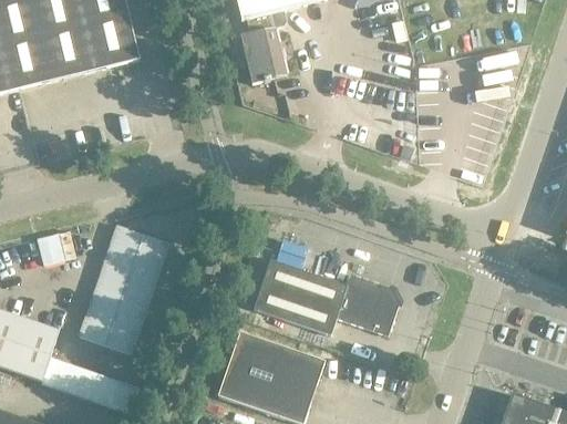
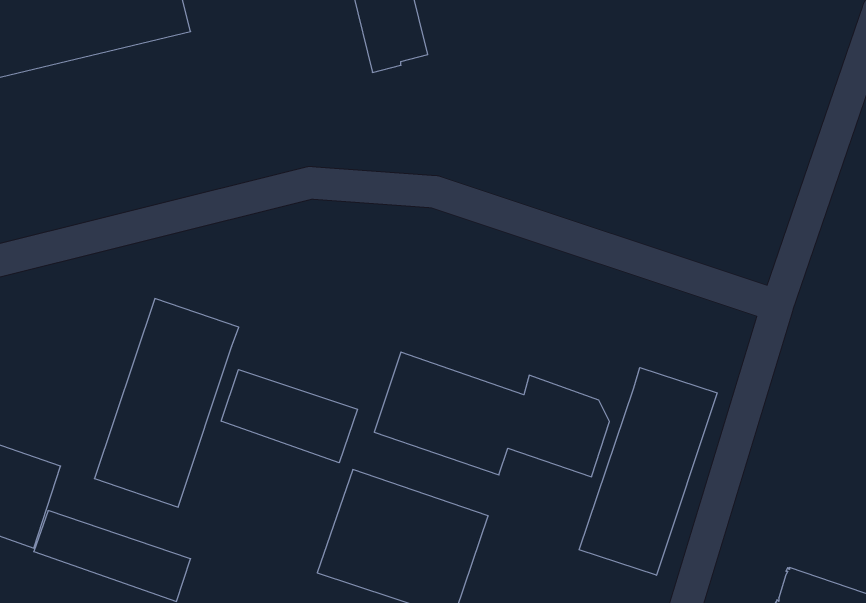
building: none -> [579,368,717,575]
building: none -> [221,370,358,463]

